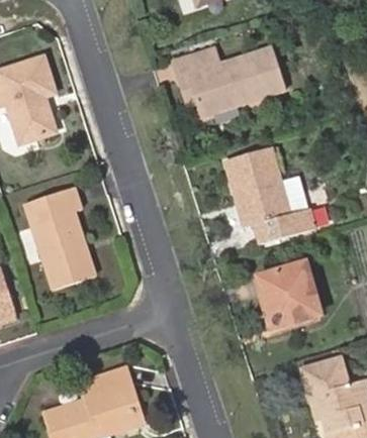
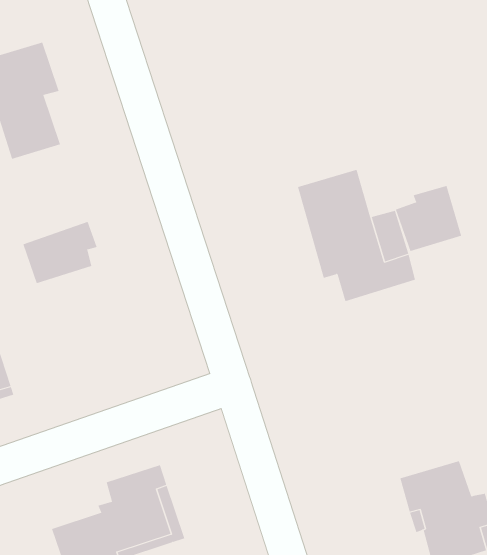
building: [173,47,285,119] -> none
building: none -> [395,185,462,252]
building: [32,219,92,288] -> none
building: [257,262,325,330] -> none

